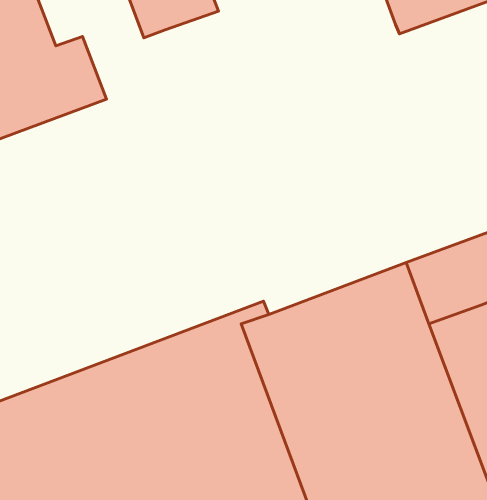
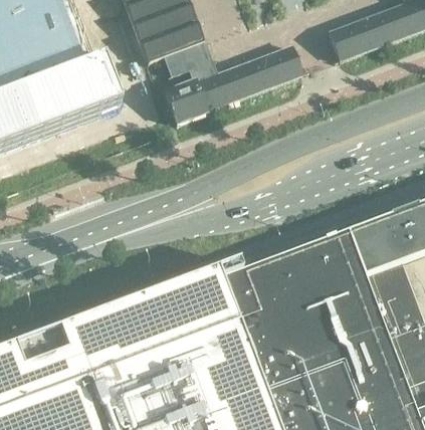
building: none -> [163,42,300,123]

